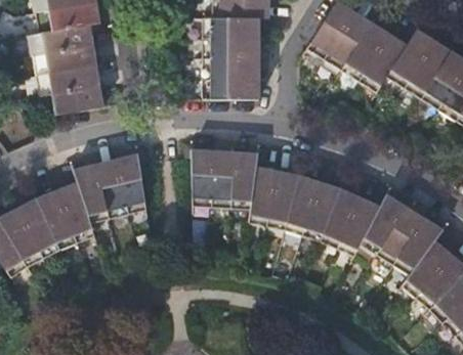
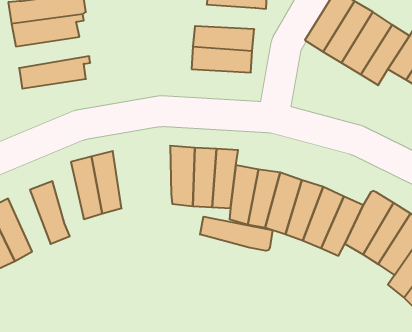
building: [210,13,267,37] -> none
building: [40,44,110,74] -> none
building: [205,75,263,98] -> none
building: [46,84,116,116] -> none
building: [71,163,104,221] -> none
building: [33,189,73,248] -> none
building: none -> [200,217,272,251]

